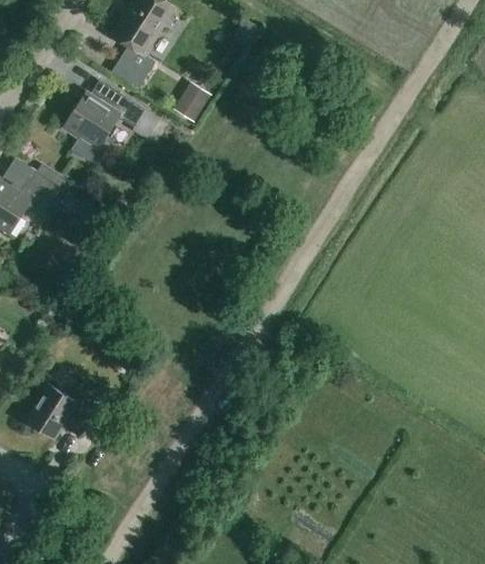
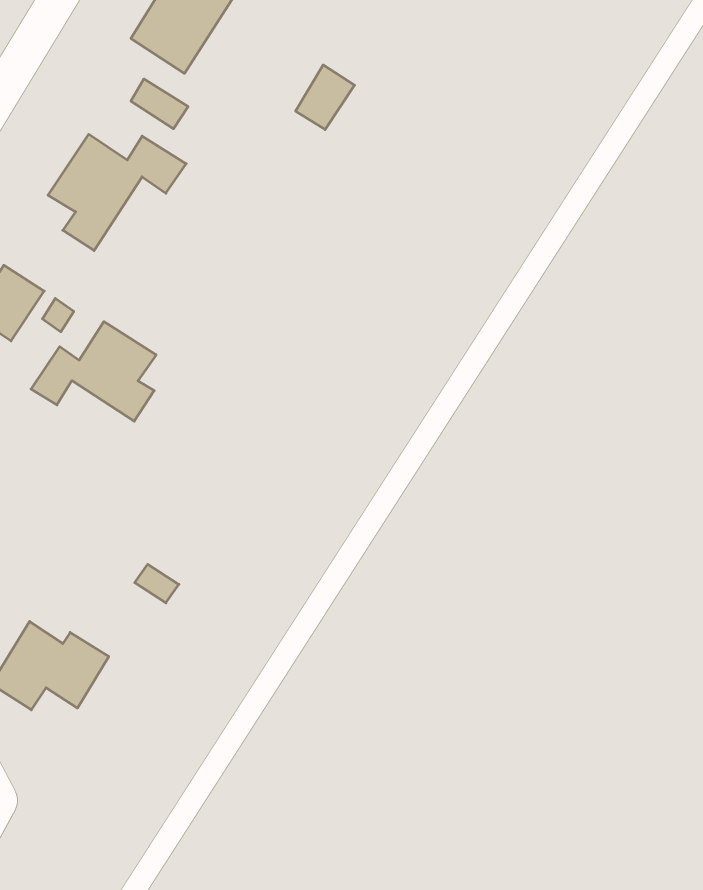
building: [175,81,210,120] -> [296,65,355,130]
building: none -> [31,322,156,421]

